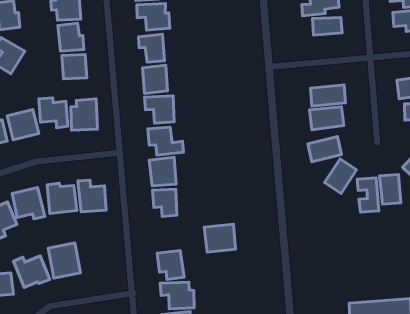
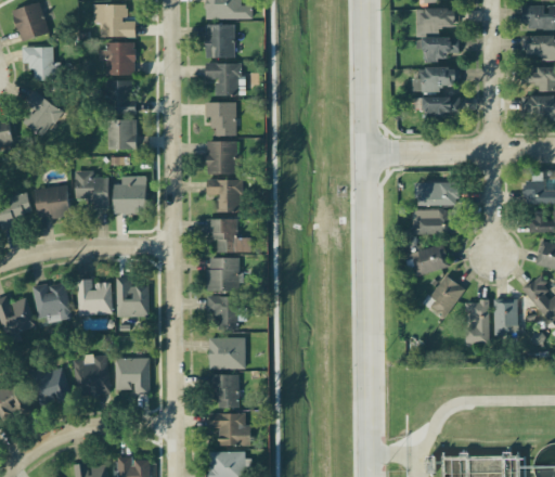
building: [204,224,235,252] -> [208,337,245,370]
building: none -> [115,358,150,394]

